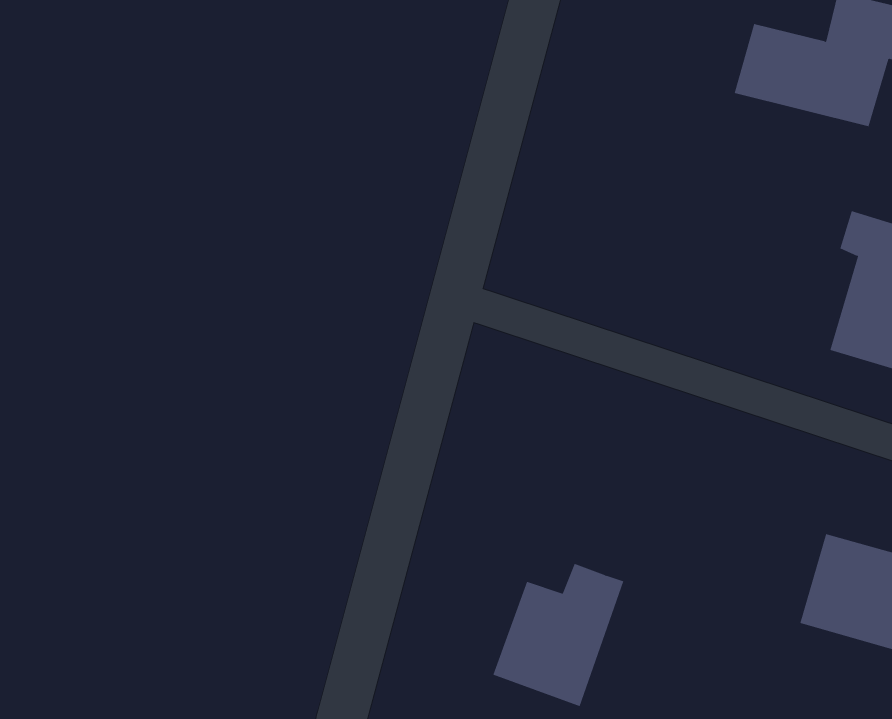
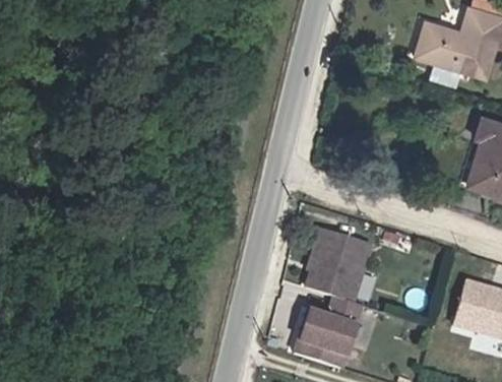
building: none -> [308,228,375,303]

